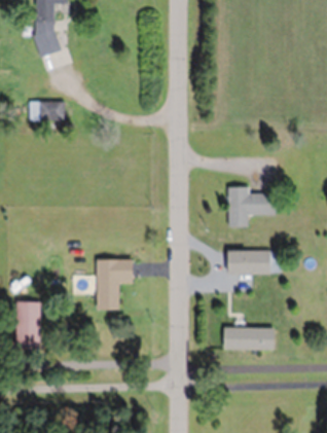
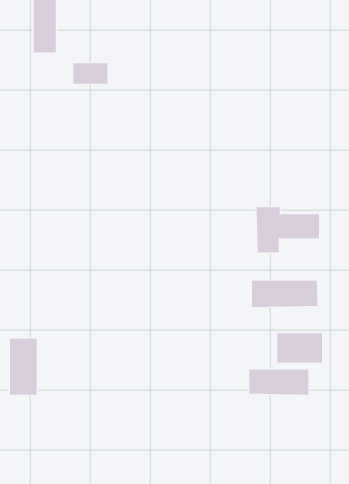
building: [35,102,66,120] -> [73,63,108,84]
building: [97,260,133,311] -> none
building: none -> [277,332,323,363]

